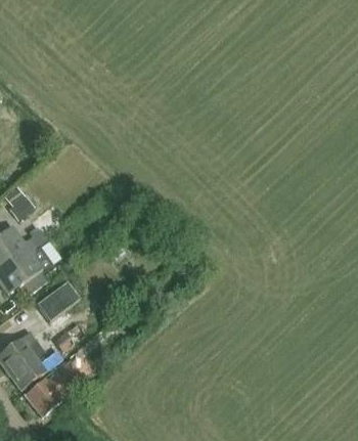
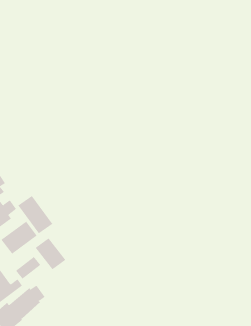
building: none -> [18,195,53,234]
building: none -> [35,237,66,270]

